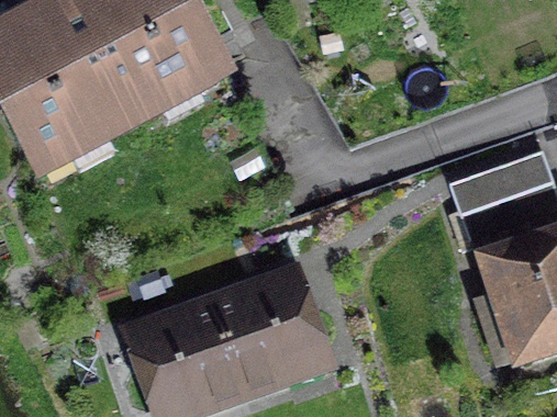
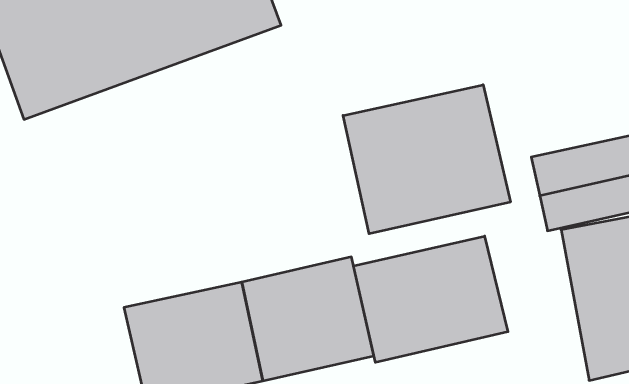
building: none -> [343,85,510,234]
building: none -> [353,236,508,362]

